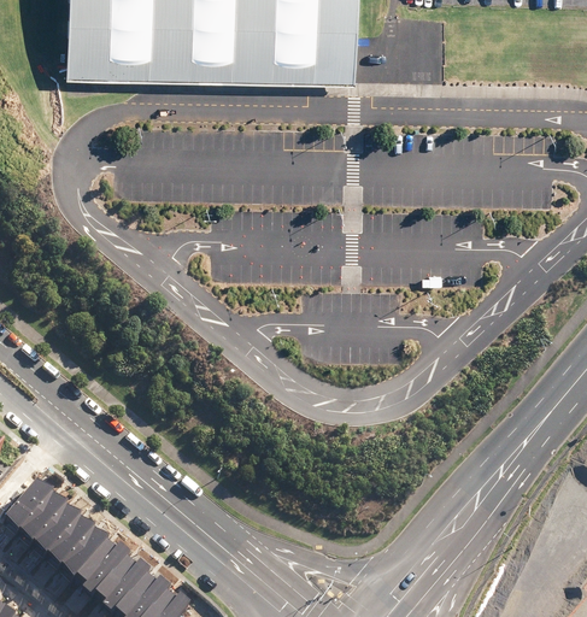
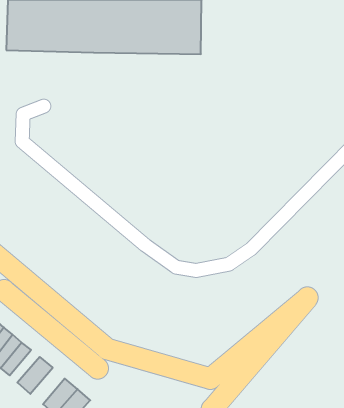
building: [66,527,112,576] -> none
building: [98,553,149,609] -> none

